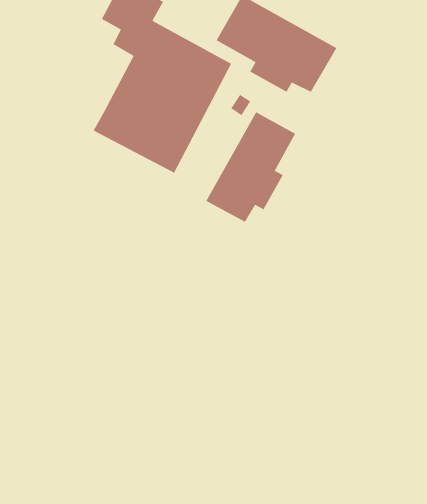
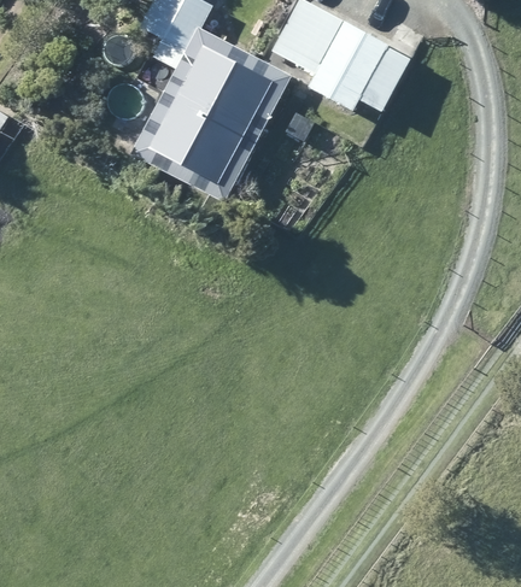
building: [205,111,296,223] -> none

